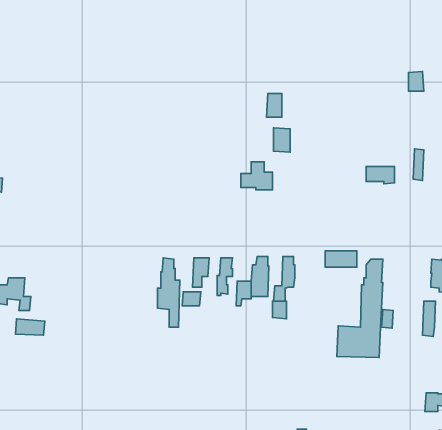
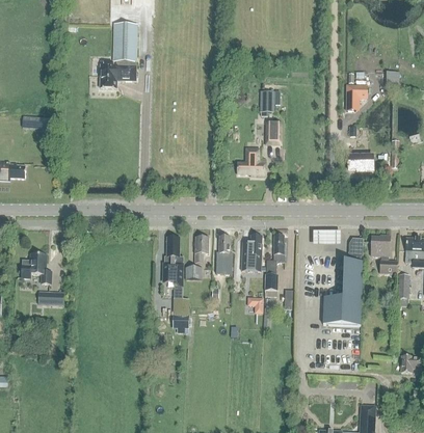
building: none -> [100,23,137,87]
building: none -> [346,85,367,110]
building: none -> [371,235,397,273]

